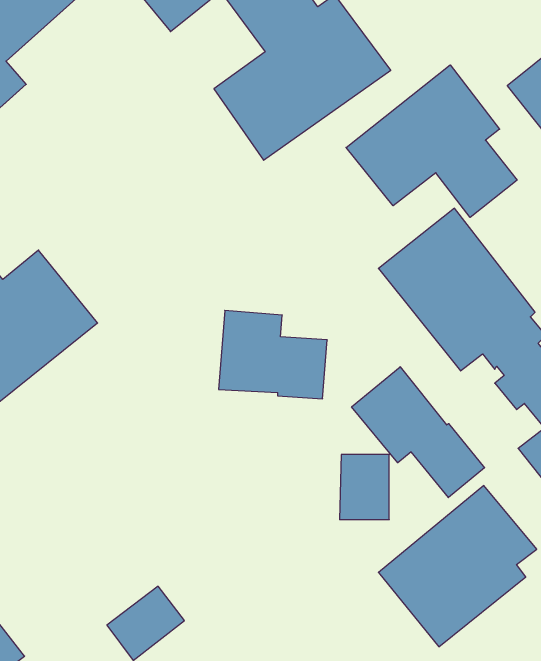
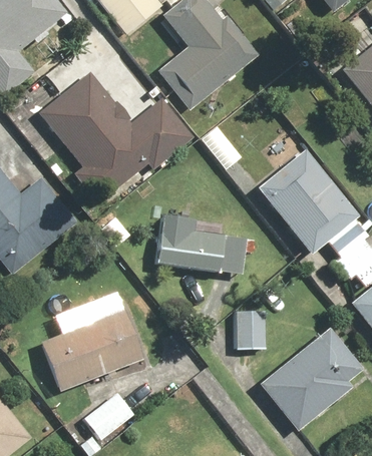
building: [346,65,517,217] -> none
building: none -> [38,68,195,199]
building: [352,367,485,498] -> none
building: none -> [40,310,142,391]

